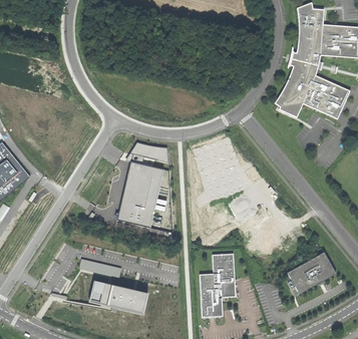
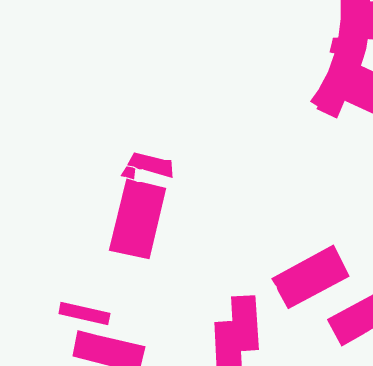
building: none -> [270,244,351,310]

